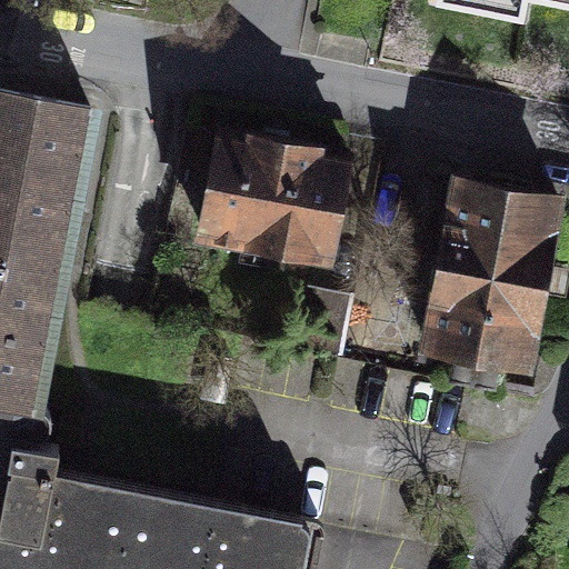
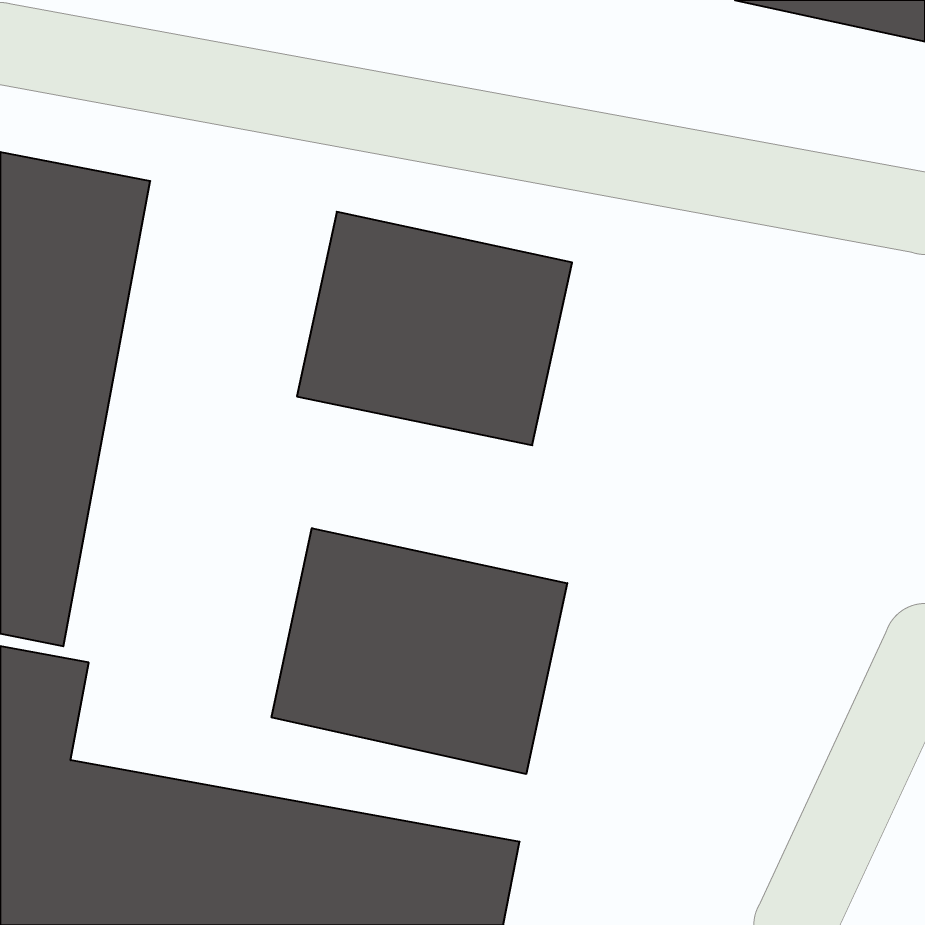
building: [411,189,562,396] -> none
building: none -> [272,528,567,774]

